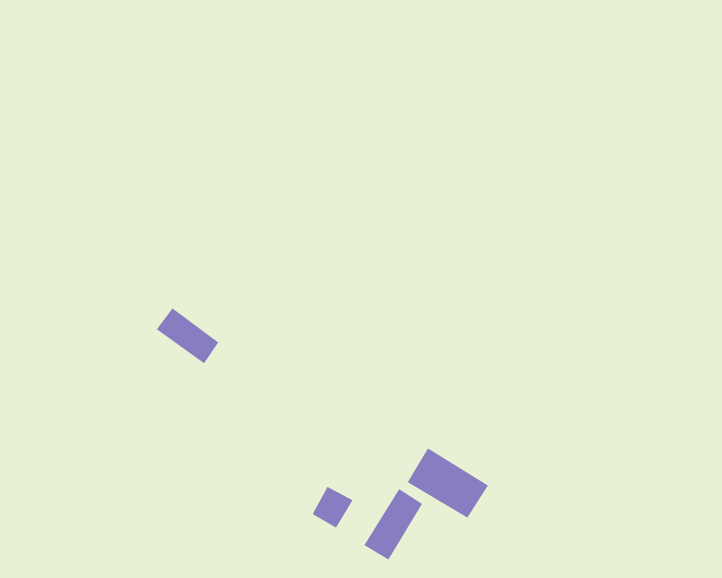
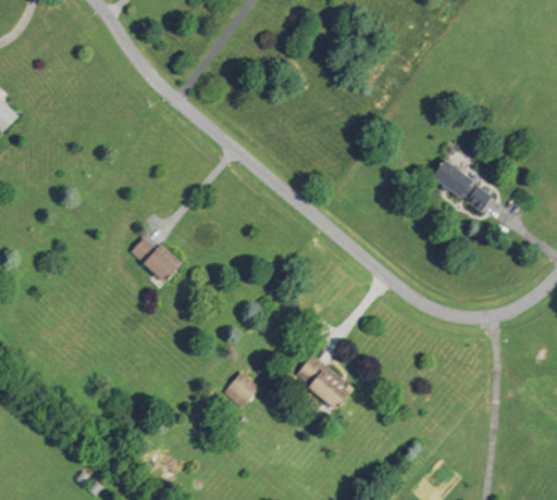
building: none -> [432,161,494,213]
building: [364,488,423,561] -> none

